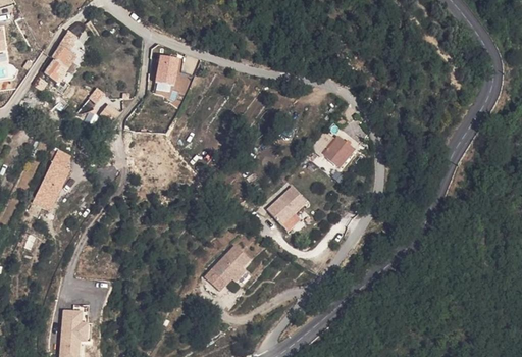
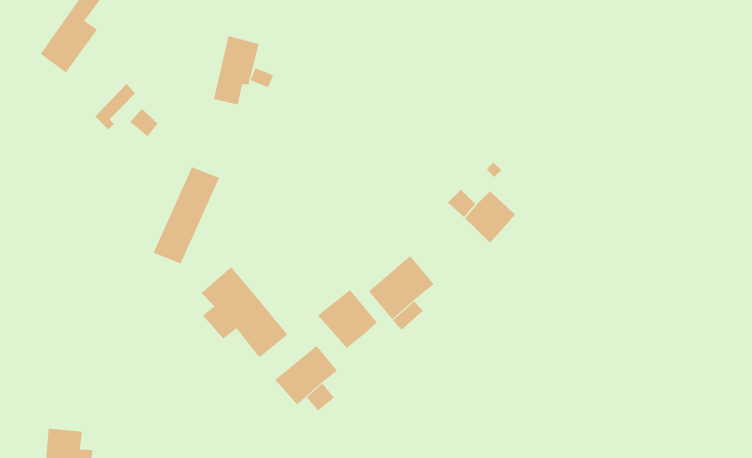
building: [35,148,74,210] -> [153,166,220,264]
building: none -> [200,266,288,358]
building: none -> [317,289,378,349]

